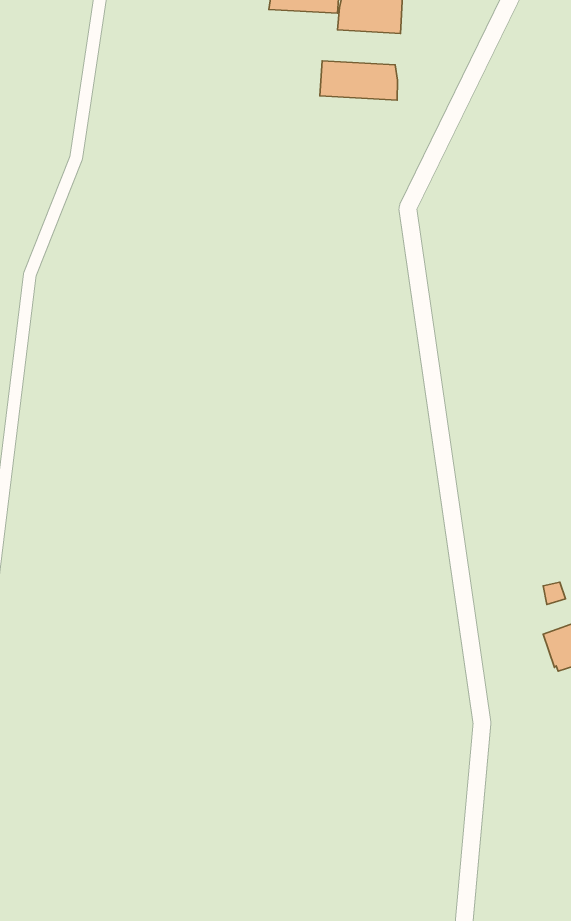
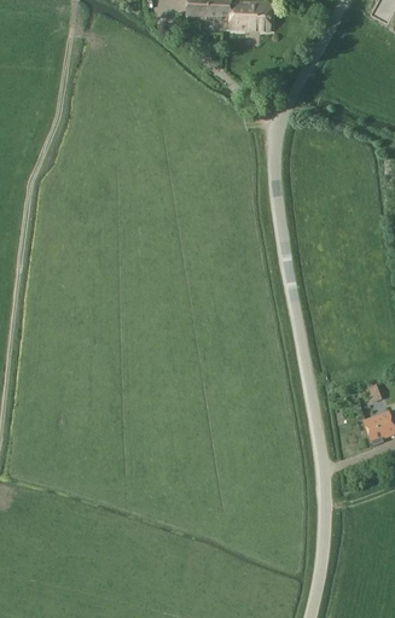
building: [320,61,398,100] -> none

